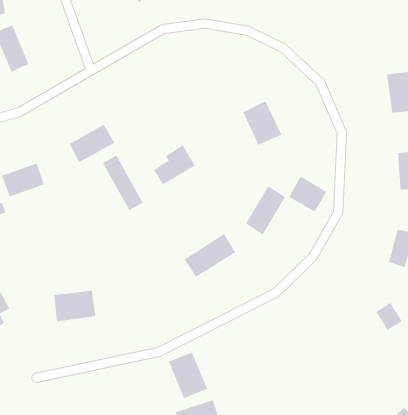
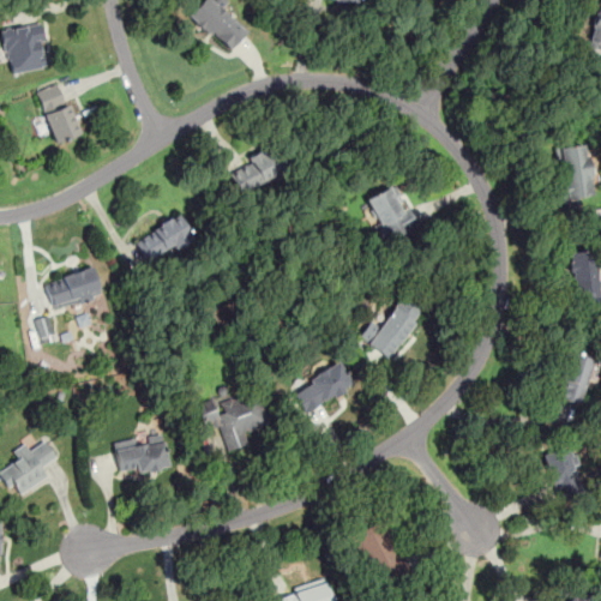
building: [153,145,196,185] -> [232,140,288,194]
building: [102,154,143,211] -> none
building: [289,176,327,212] -> none
building: none -> [198,392,270,451]
building: [168,352,208,399] -> [355,521,408,583]

